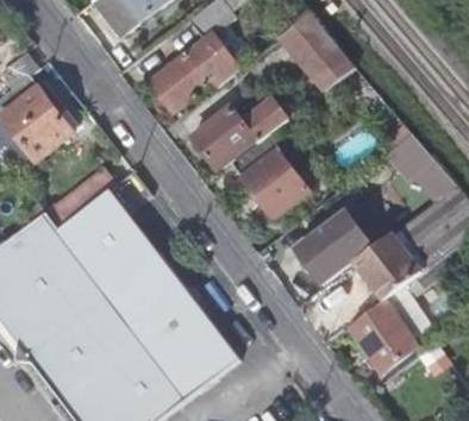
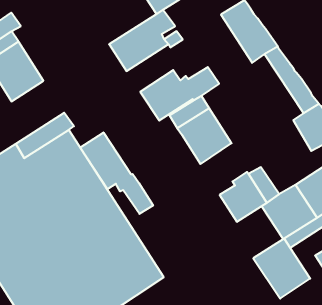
building: none -> [80,132,153,214]

